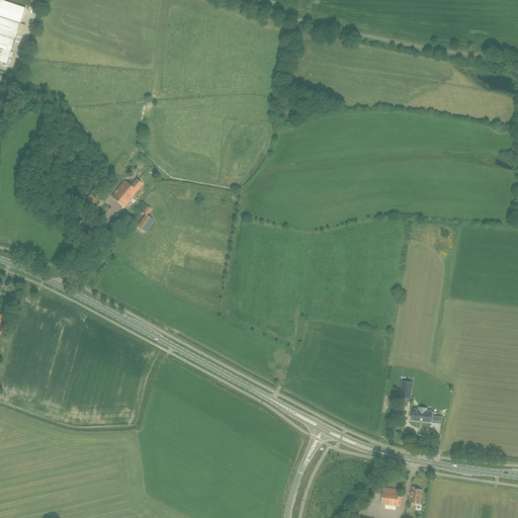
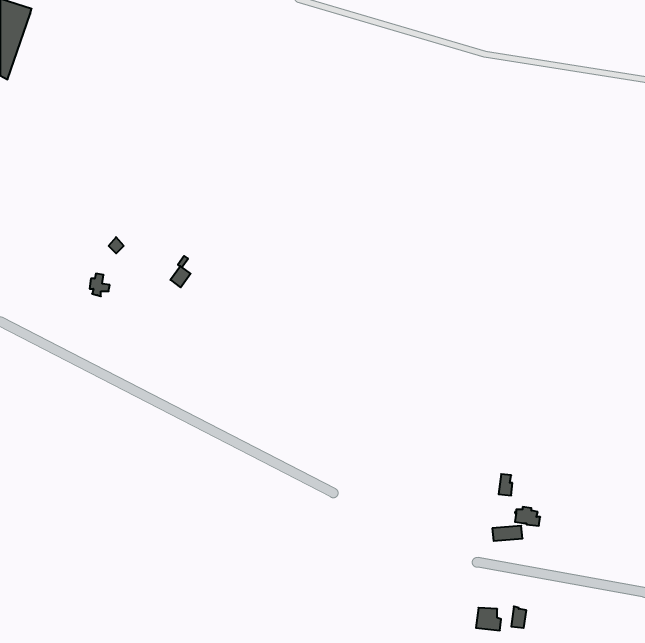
building: [111,178,143,206] -> none

